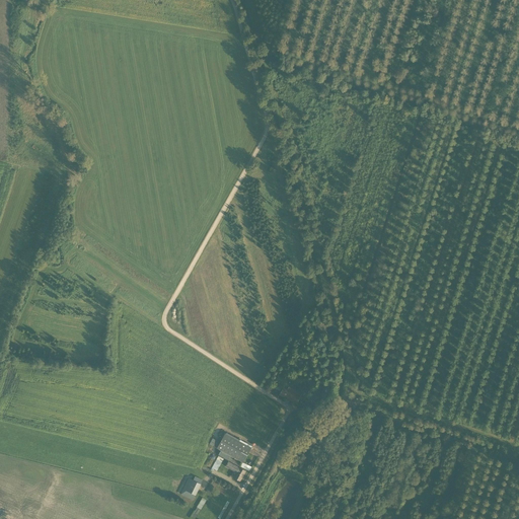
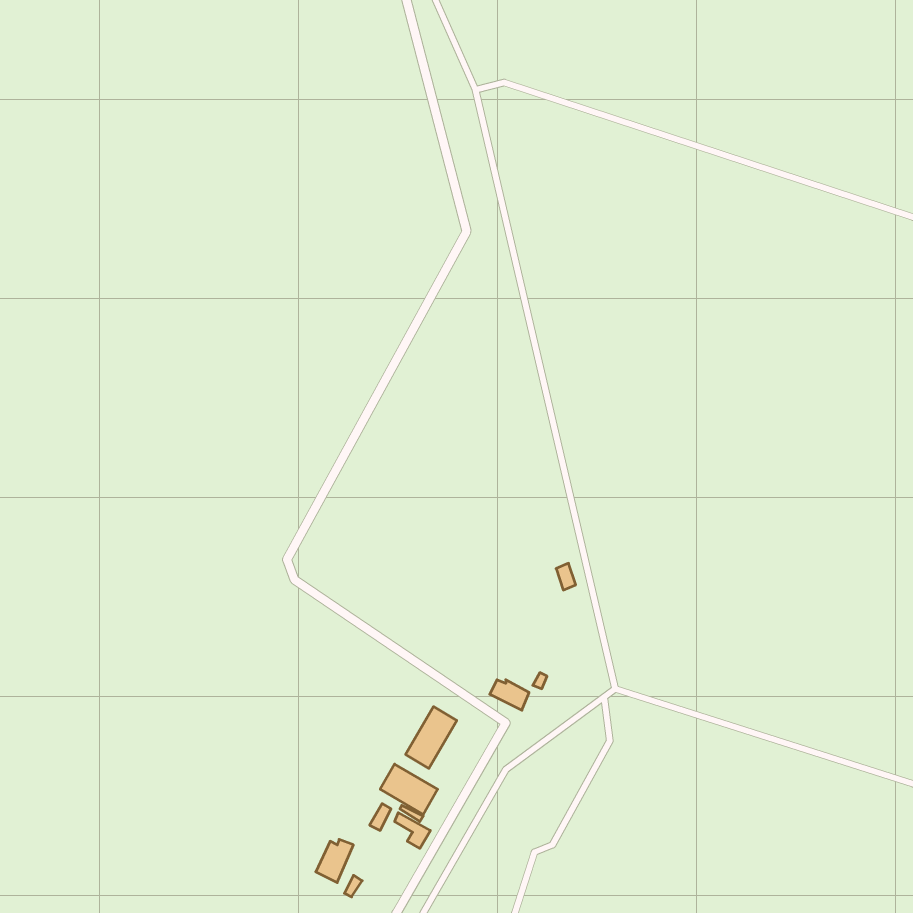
building: none -> [406,707,457,768]

